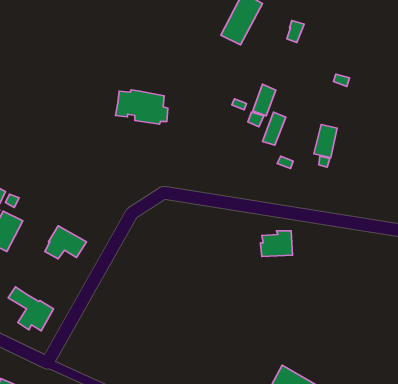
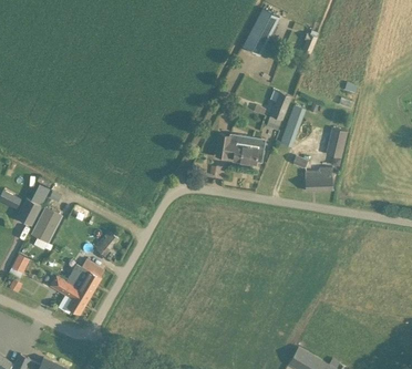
building: [115,90,168,124] -> [215,134,262,165]
building: [261,231,292,256] -> [303,168,332,192]
building: none -> [65,260,103,296]

